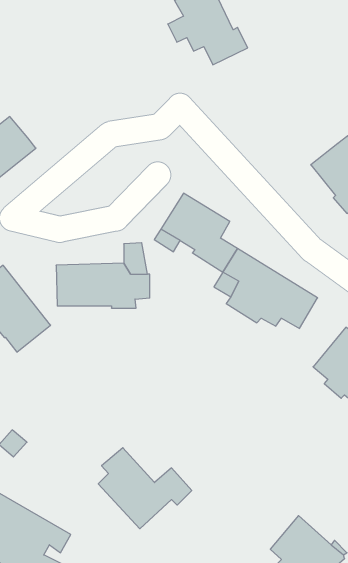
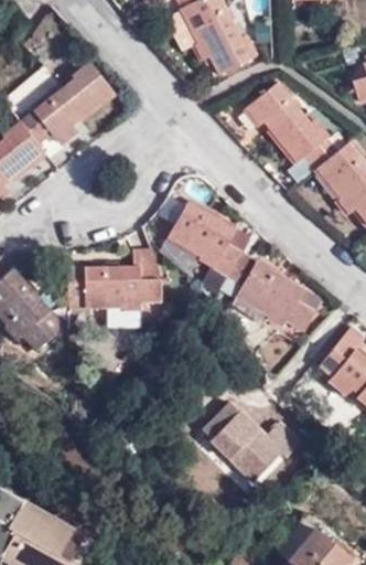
building: none -> [21,60,111,142]
building: none -> [248,84,342,169]
building: [98,448,192,529] -> [208,401,300,480]

